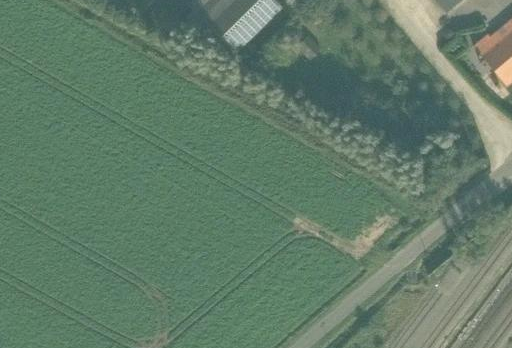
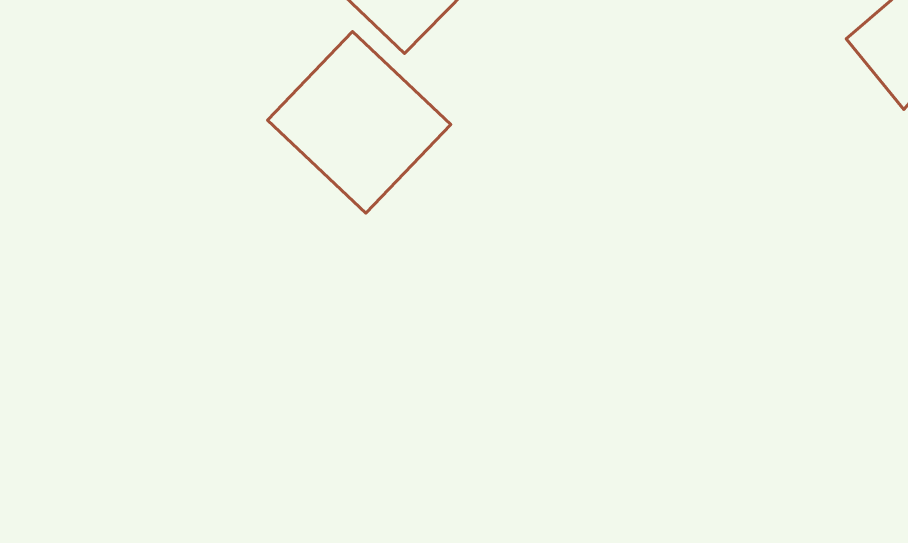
building: none -> [267,32,451,213]

